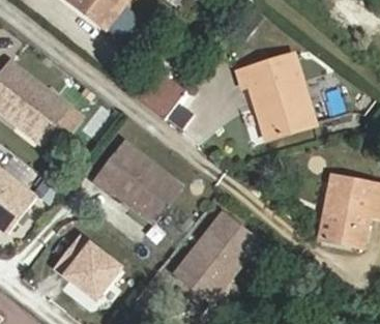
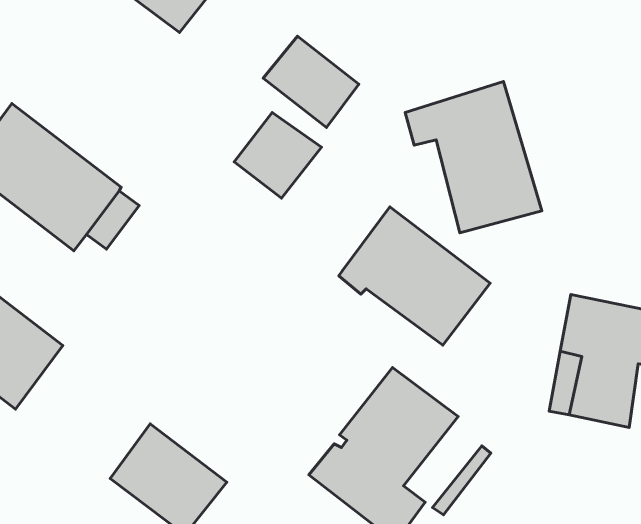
building: none -> [263,36,359,127]
building: [92,141,178,219] -> [339,207,490,345]

